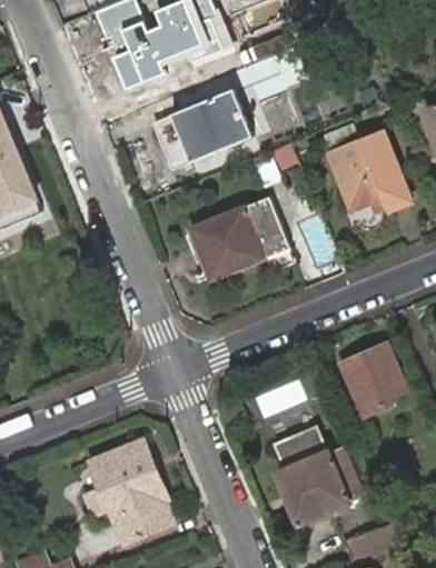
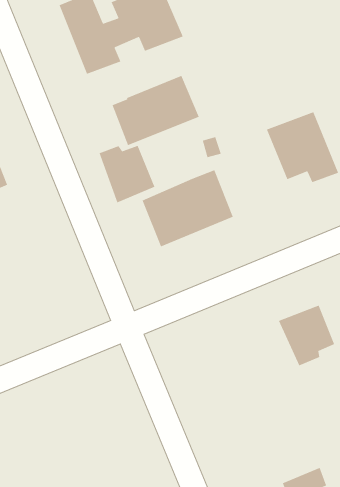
building: none -> [99,145,156,203]
building: [272,425,360,525] -> none
building: [86,442,171,540] -> none

